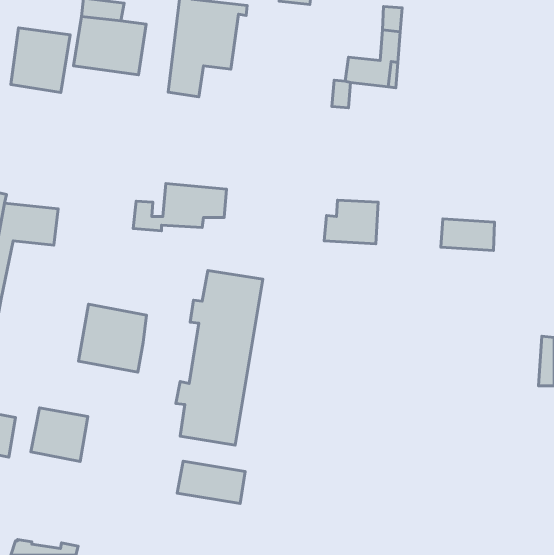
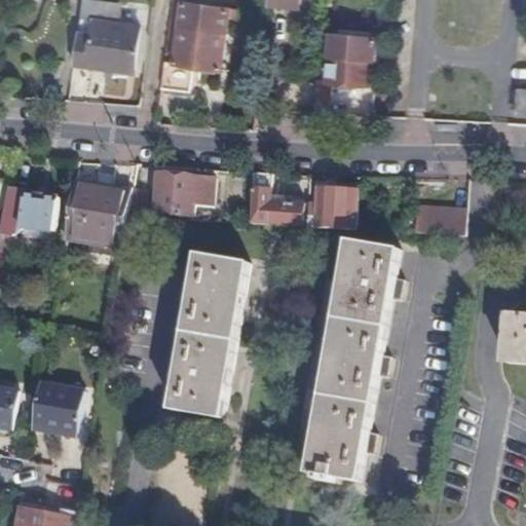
building: [11,28,70,93] -> none
building: none -> [248,170,301,225]
building: none -> [305,239,400,482]
building: [78,304,147,372] -> [64,178,127,241]
building: [177,461,245,504] -> none

